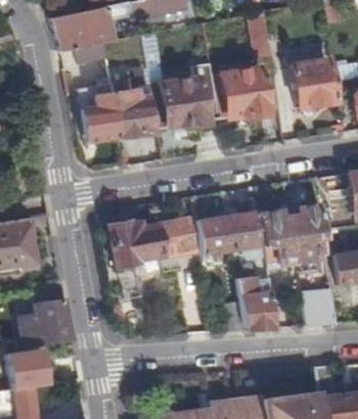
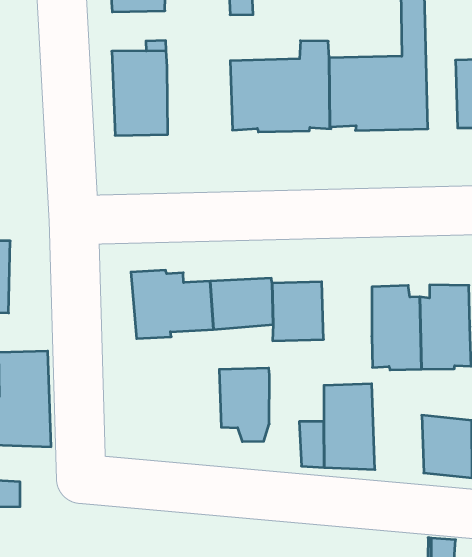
building: [115,84,161,137] -> none
building: [229,211,265,259] -> [219,368,269,442]

